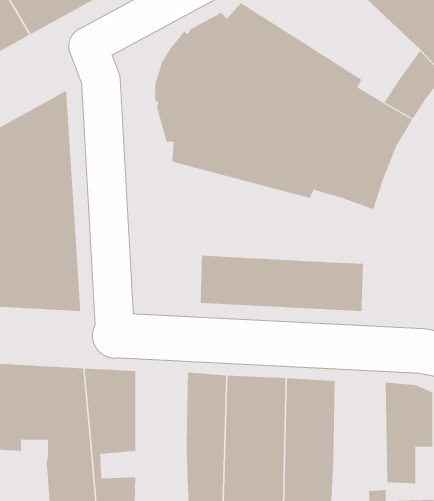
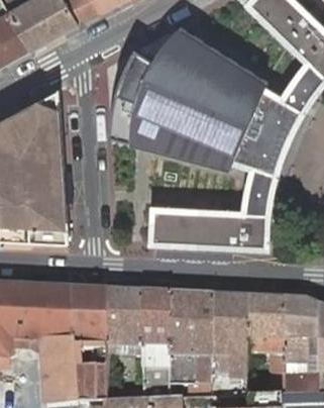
building: none -> [245,167,277,213]
building: none -> [107,290,143,347]
building: none -> [248,297,286,372]

